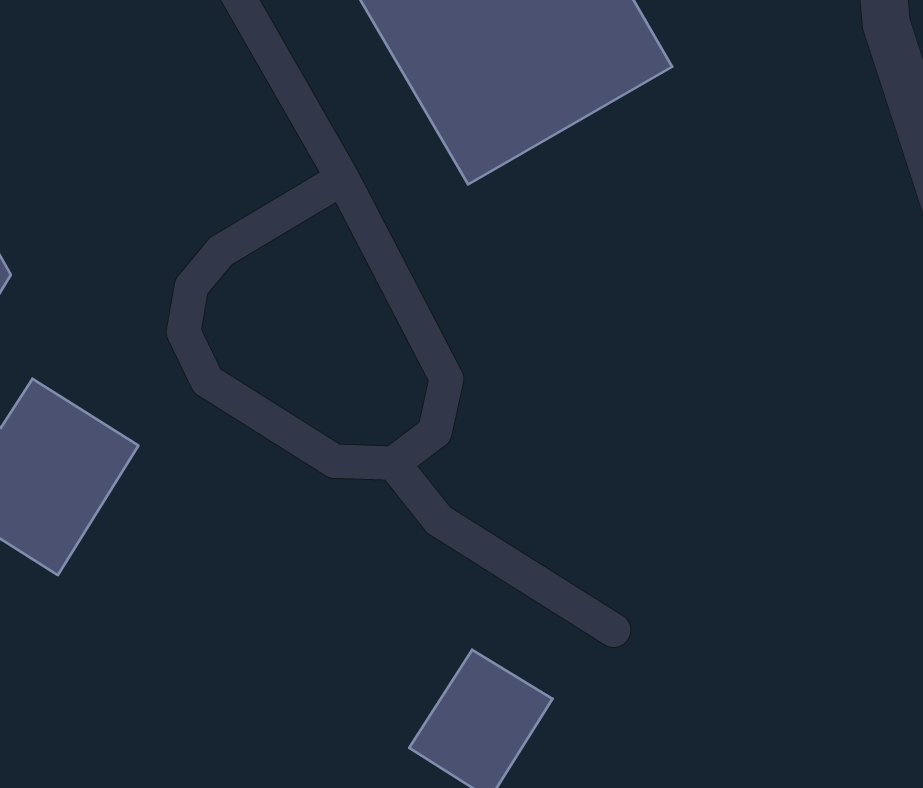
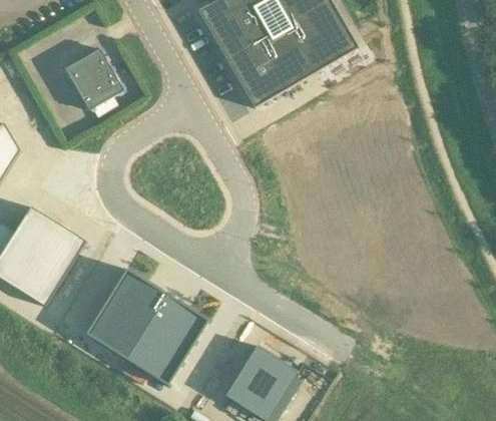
building: none -> [63,48,121,109]
building: none -> [84,268,206,385]

